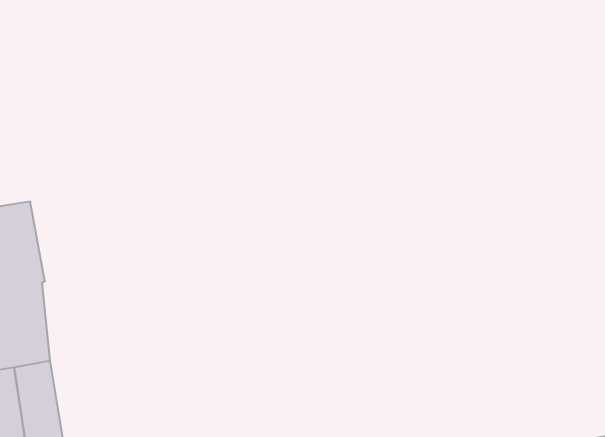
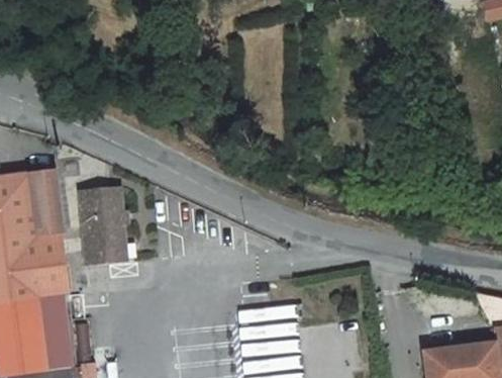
building: none -> [75,186,126,262]

